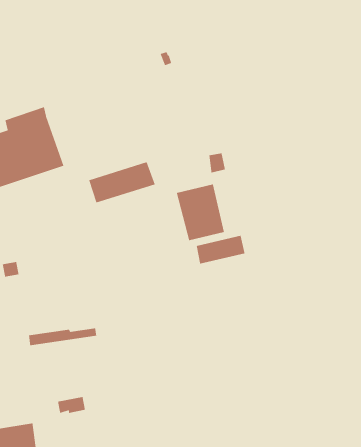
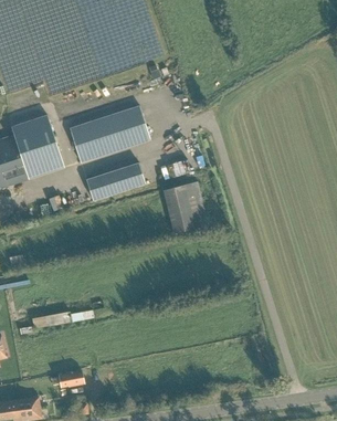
building: none -> [71,107,150,162]
building: [196,235,246,265] -> none

